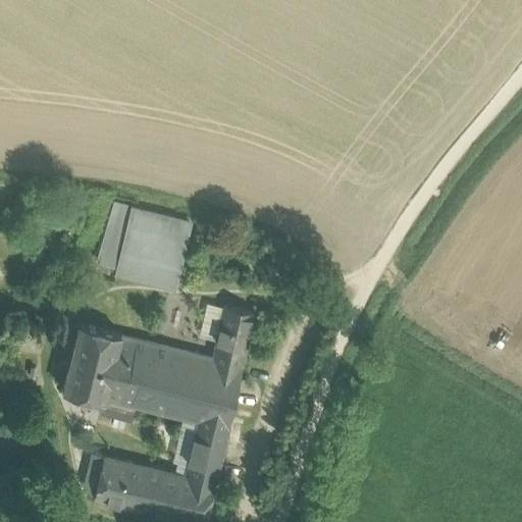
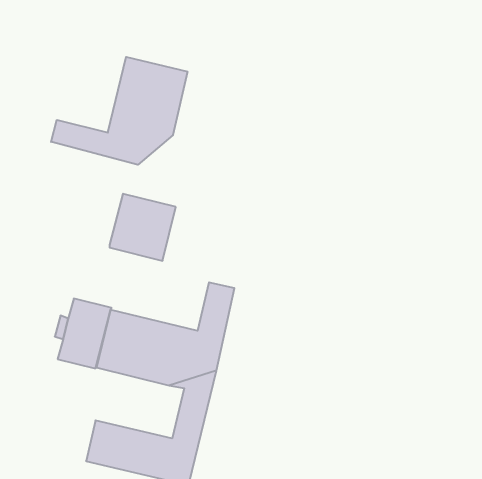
building: none -> [51,57,187,165]
building: [97,208,134,268] -> none

